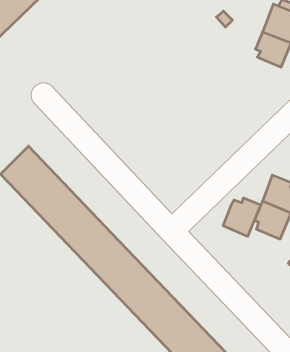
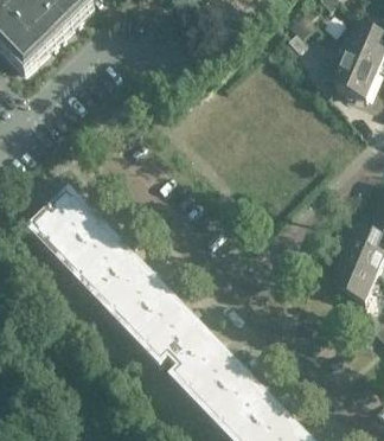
building: [223,198,261,236] -> none

